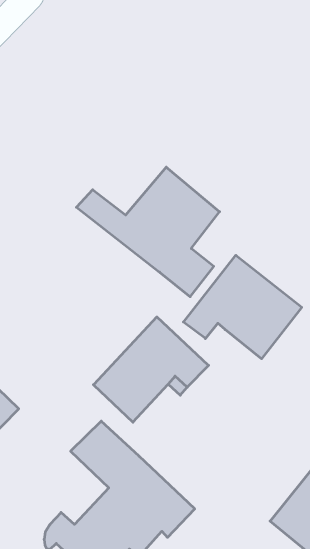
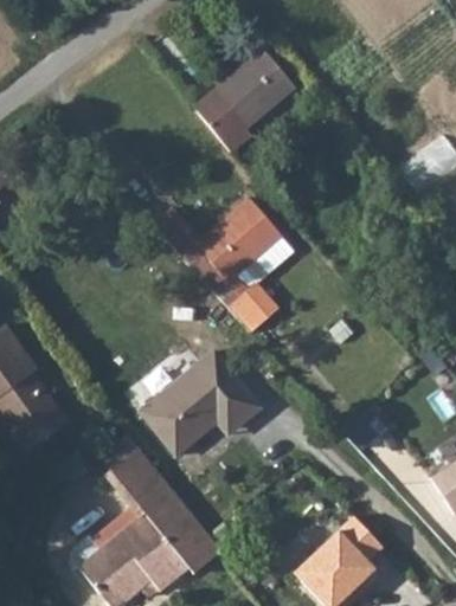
building: none -> [190,52,291,154]
building: [183,255,302,359] -> none

